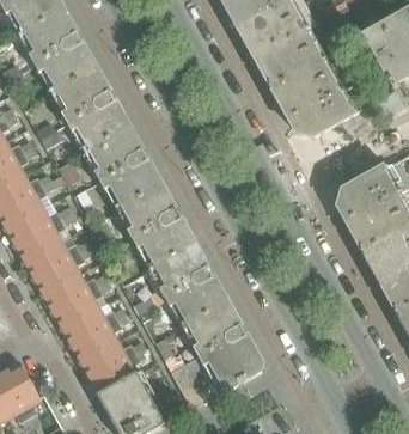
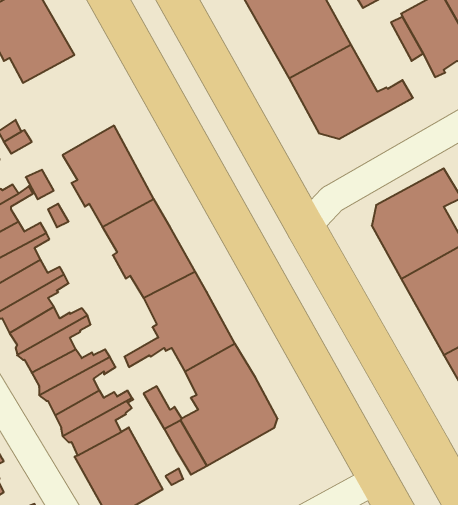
building: [55,67,129,148] -> none

